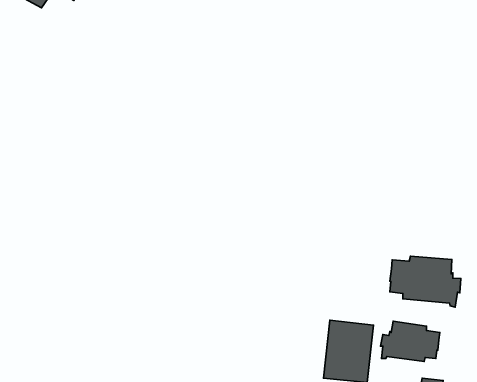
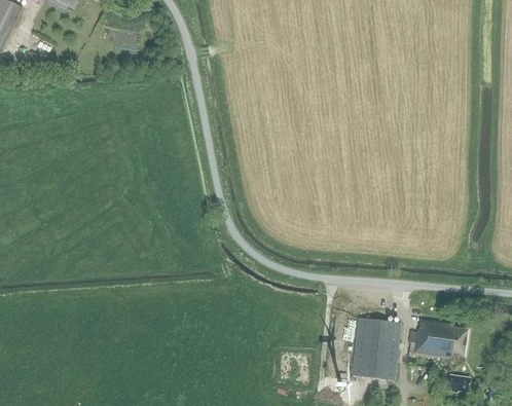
building: [390,256,461,307] -> none

